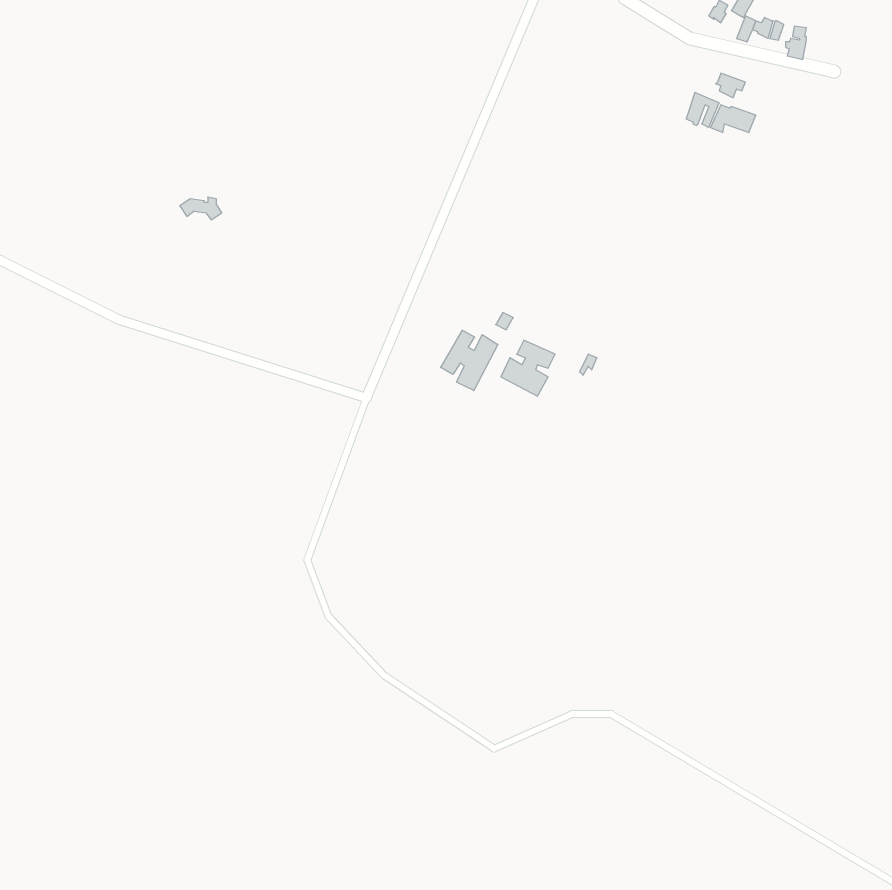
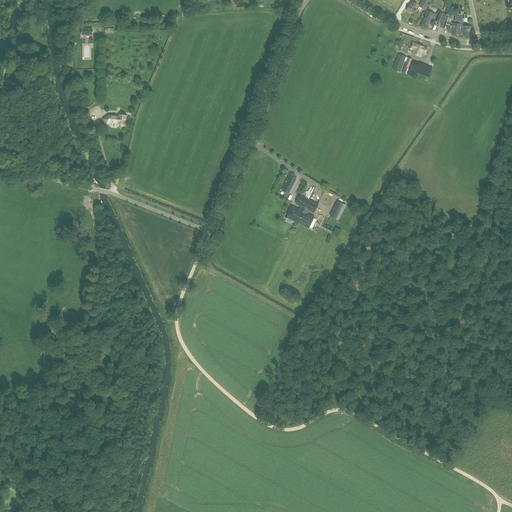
building: [441,330,498,391] -> none

